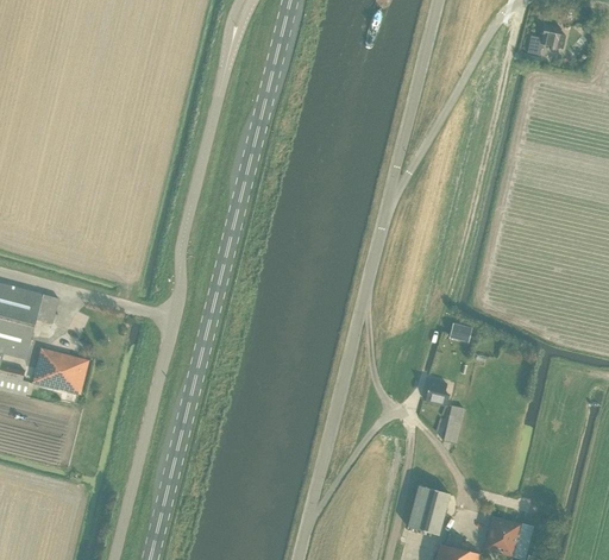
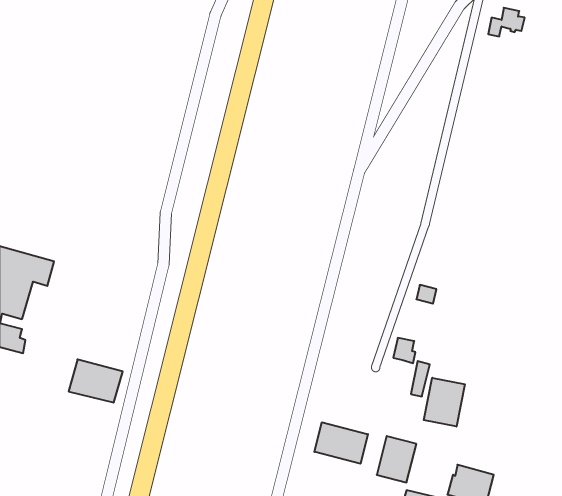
building: [30,347,88,394] -> [69,359,123,403]
building: none -> [424,378,465,427]
building: none -> [314,422,368,464]

